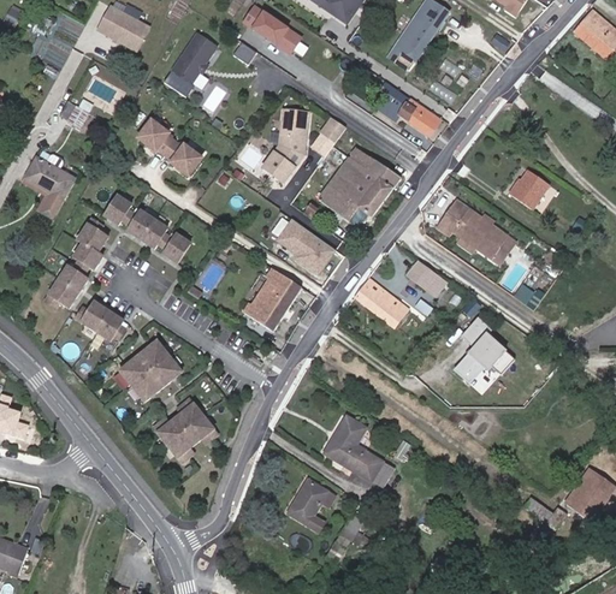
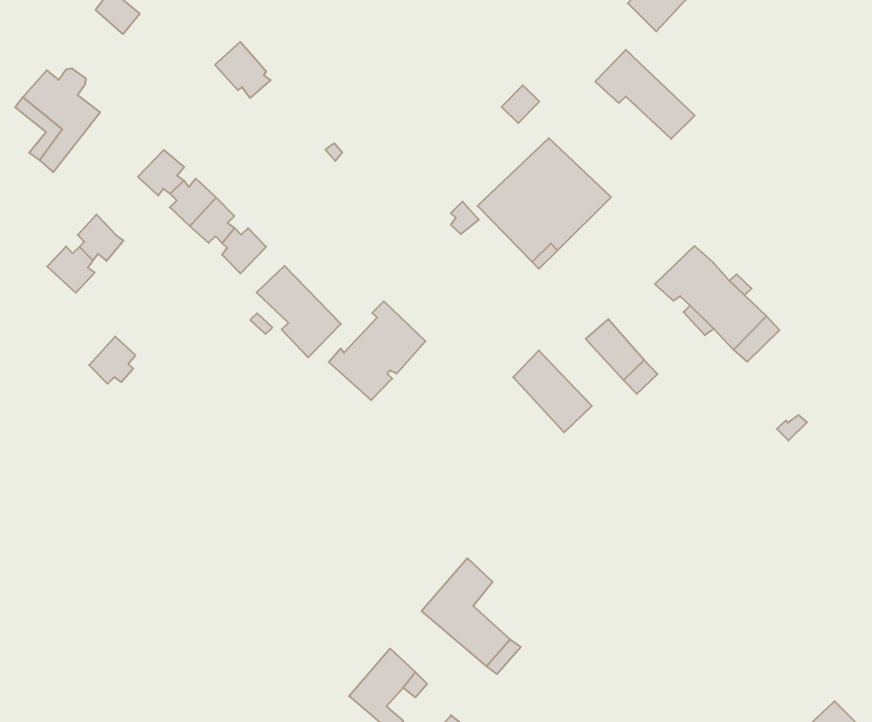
building: [262,120,307,180] -> none
building: [165,139,201,174] -> none
building: [509,168,547,208] -> none
building: [77,216,107,251] -> none
building: [277,218,332,272] -> [257,266,341,357]
building: [42,278,77,307] -> none
building: [71,304,106,334] -> none
building: [454,316,514,381] -> none
building: [114,345,177,405] -> none
building: [150,404,211,465] -> none

